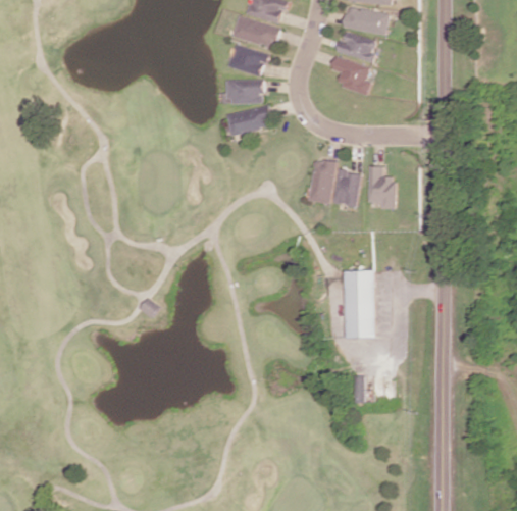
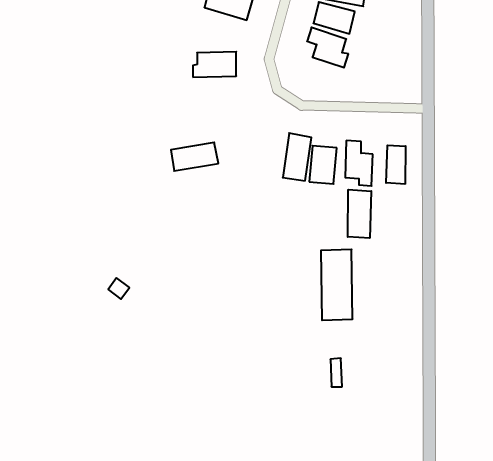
building: [229,44,267,75] -> none
building: [226,105,272,133] -> [171,142,218,171]
building: none -> [386,145,406,184]
building: none -> [348,190,371,238]

